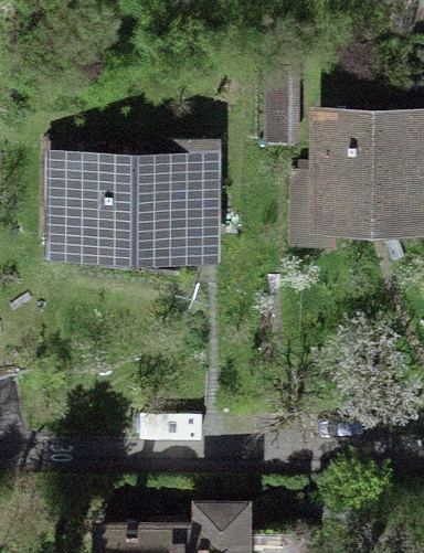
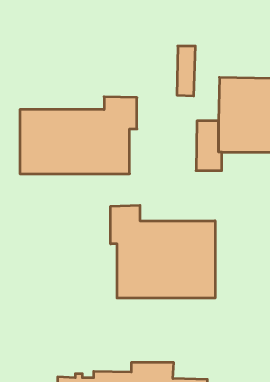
building: none -> [111,205,215,298]

